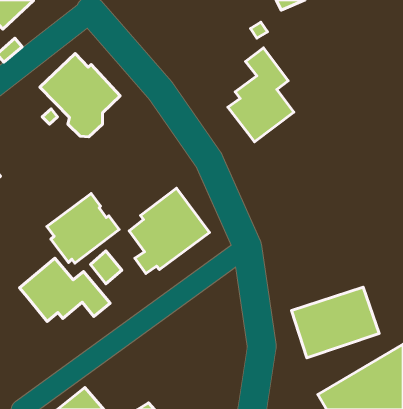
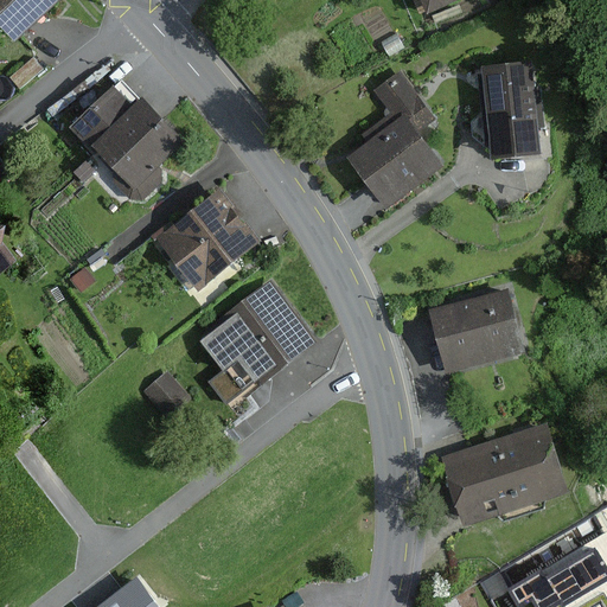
building: none -> [477,62,544,160]
building: [47,193,119,263] -> [155,189,262,292]
building: none -> [428,290,525,375]
building: [19,258,110,321] -> none

